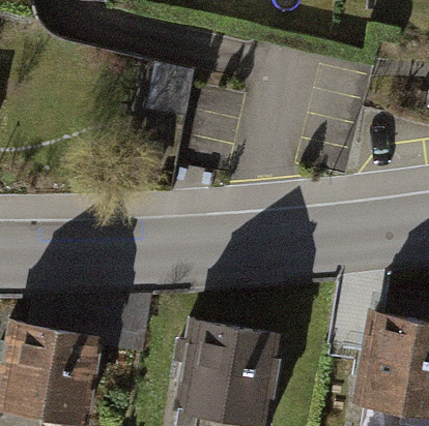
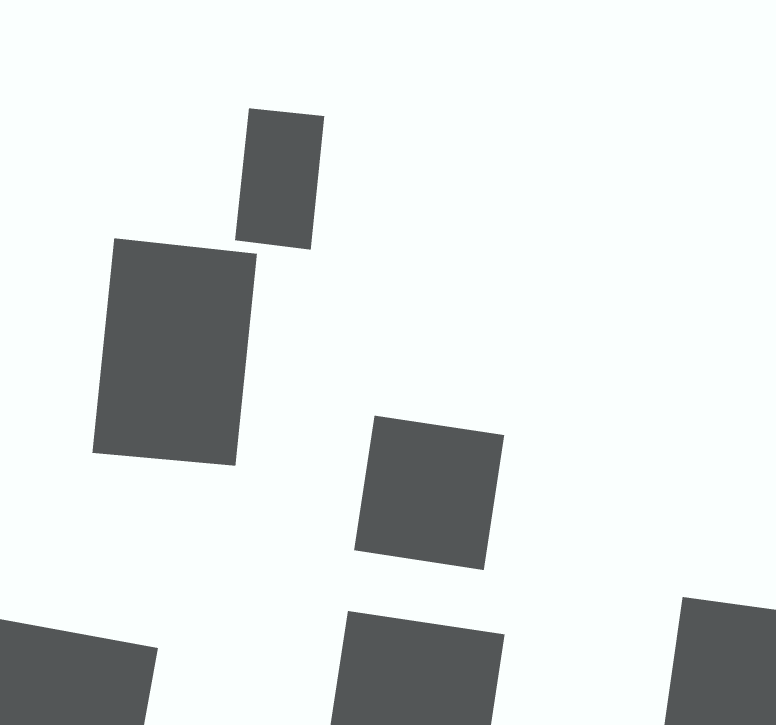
building: none -> [92,238,258,466]
building: none -> [353,415,505,571]

